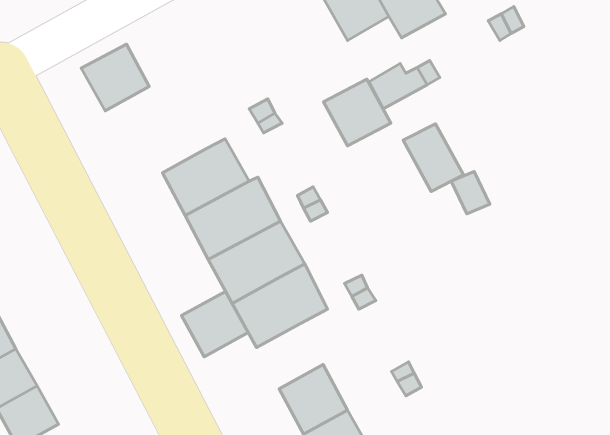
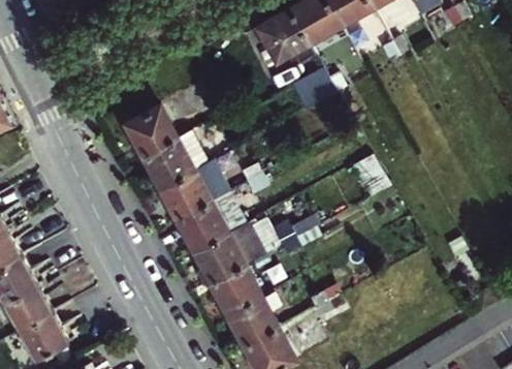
building: [81,44,149,111] -> [125,110,174,158]
building: [323,79,391,146] -> none
building: [403,124,464,192] -> none
building: [181,291,248,357] -> [211,268,259,315]

